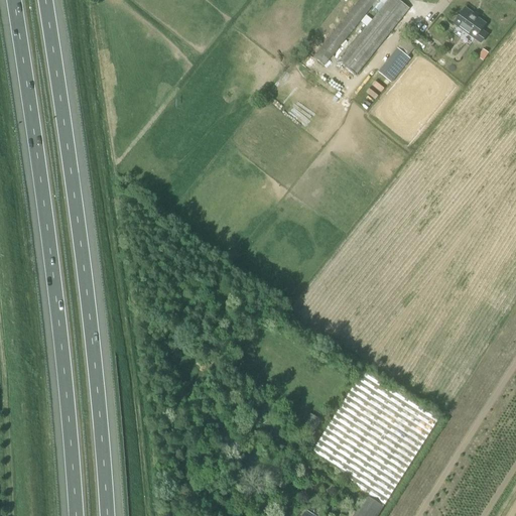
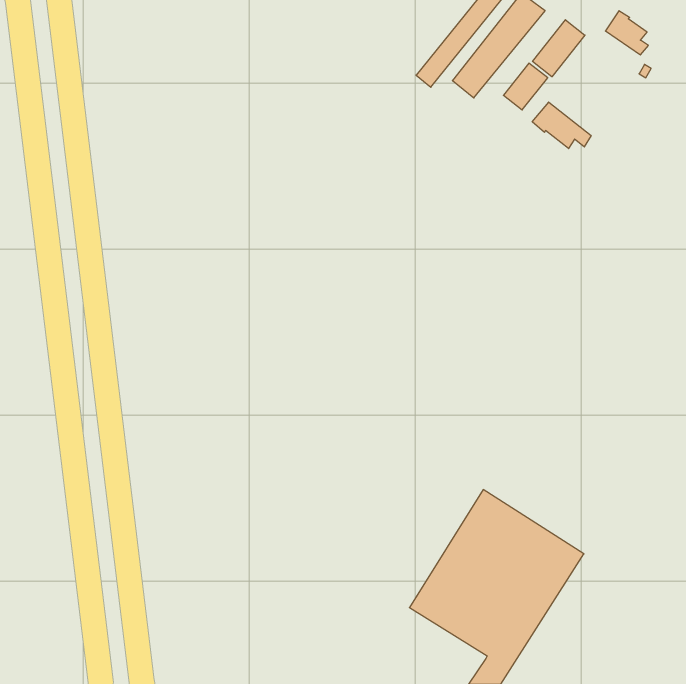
building: none -> [533,20,585,77]
building: none -> [532,102,591,149]

